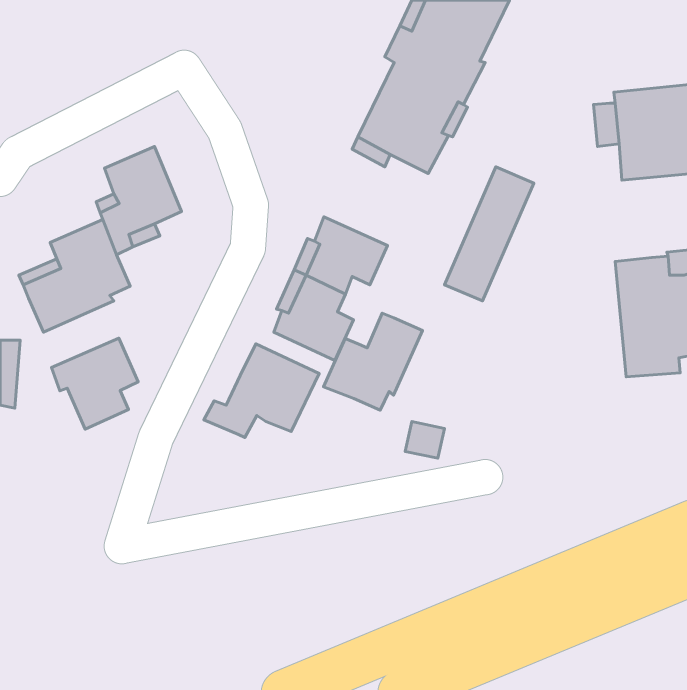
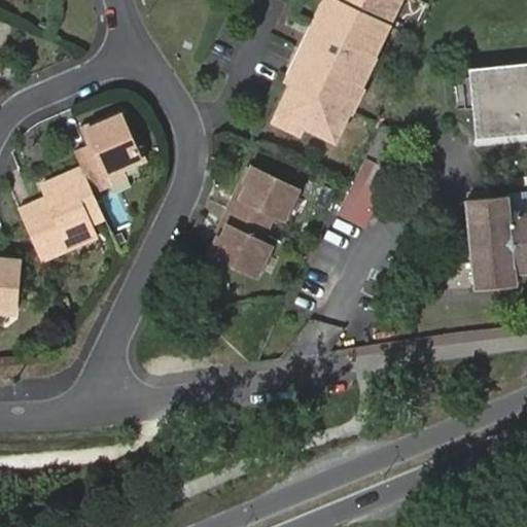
building: [324,313,423,410] -> none
building: [52,338,138,429] -> none
building: [204,344,319,437] -> none

